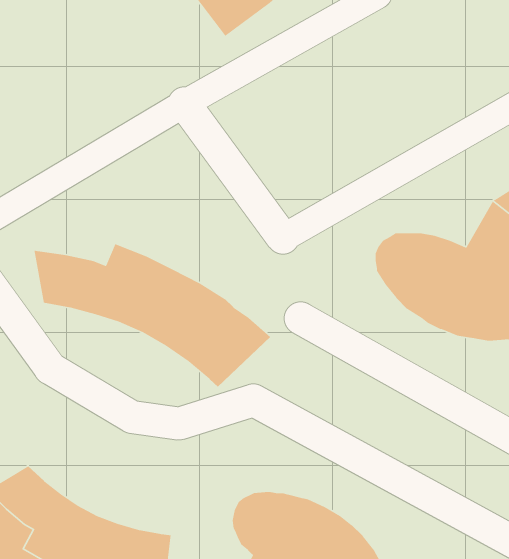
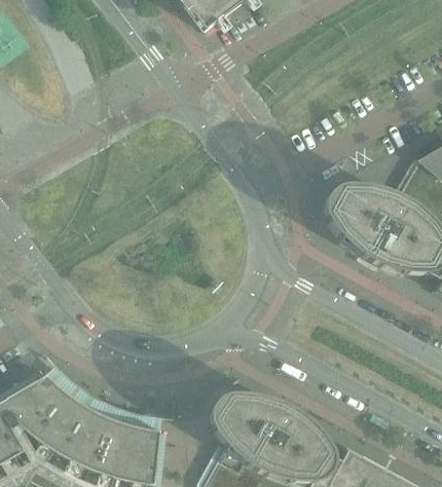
building: [33,243,271,387] -> none

